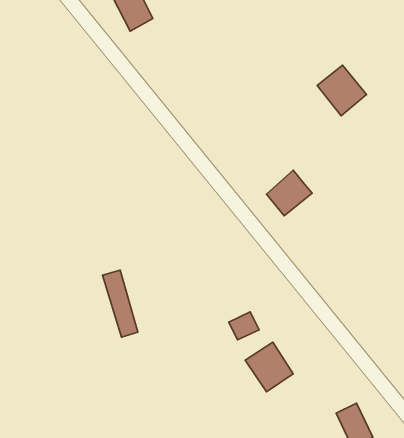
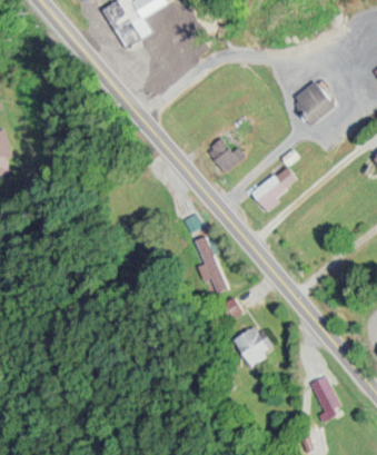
building: none -> [205,135,242,172]
building: [102,270,138,337] -> [196,235,227,294]

